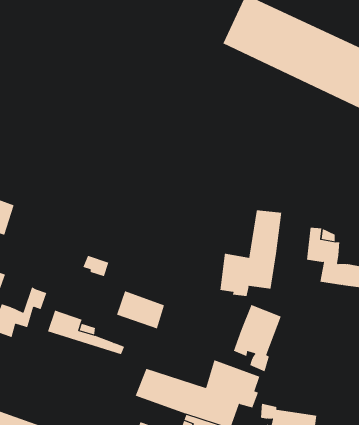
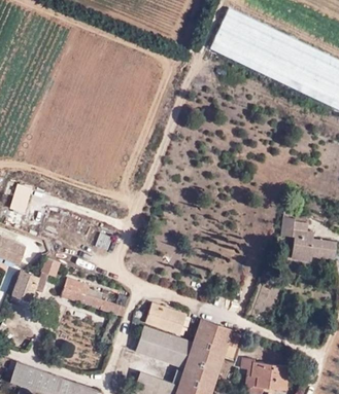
building: [220,210,282,297] -> none
building: [116,290,165,329] -> [145,301,187,334]
building: [233,304,282,372] -> none

